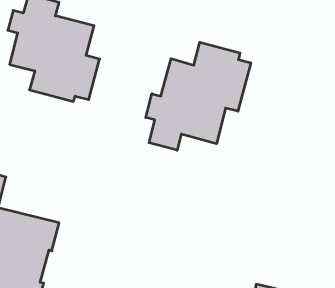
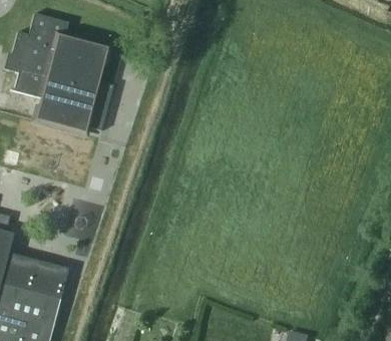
building: [146,42,251,150] -> none

